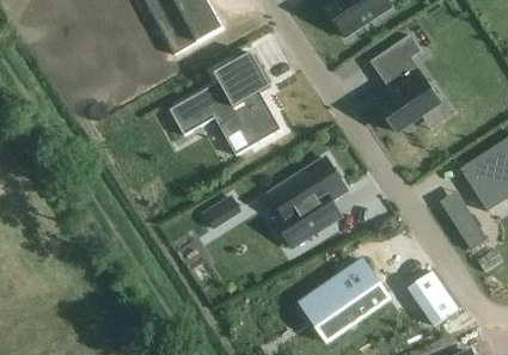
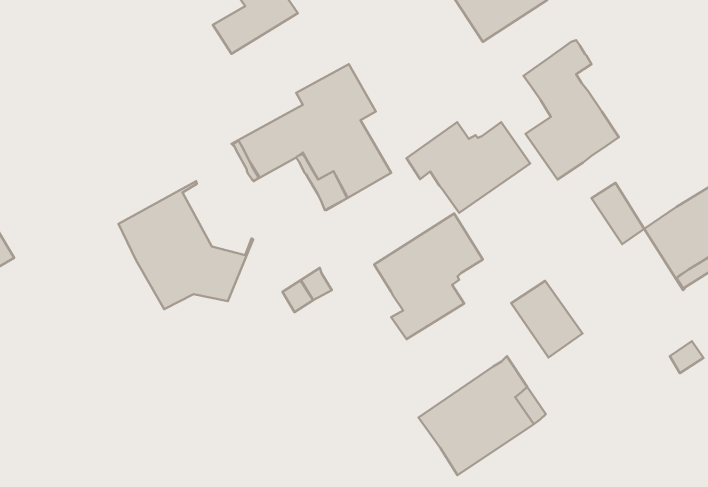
building: none -> [407,122,530,213]
building: none -> [118,181,253,309]
building: [448,206,485,249] -> [592,183,644,244]
building: [408,270,458,324] -> [511,281,582,357]

